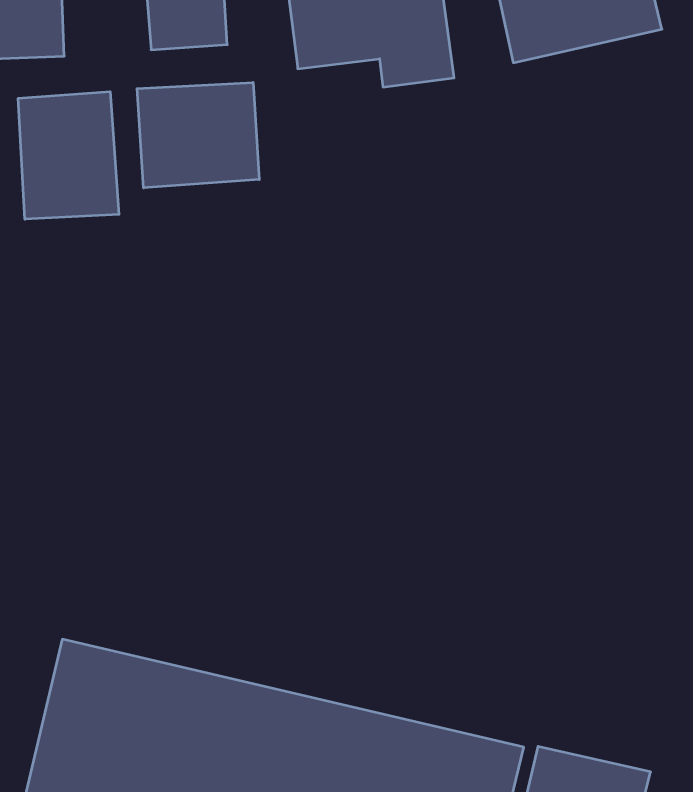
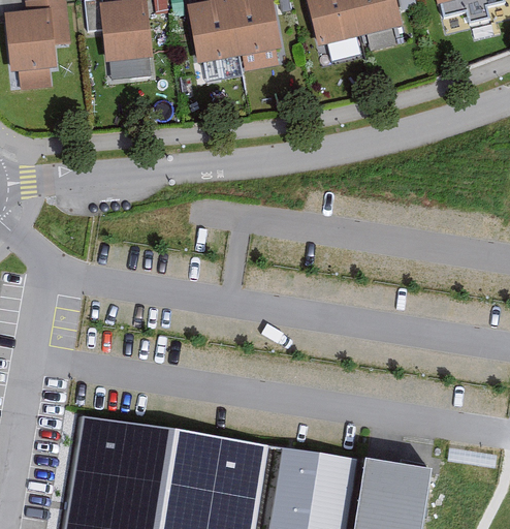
building: [137,82,259,188] -> none
building: [18,92,119,219] -> none

